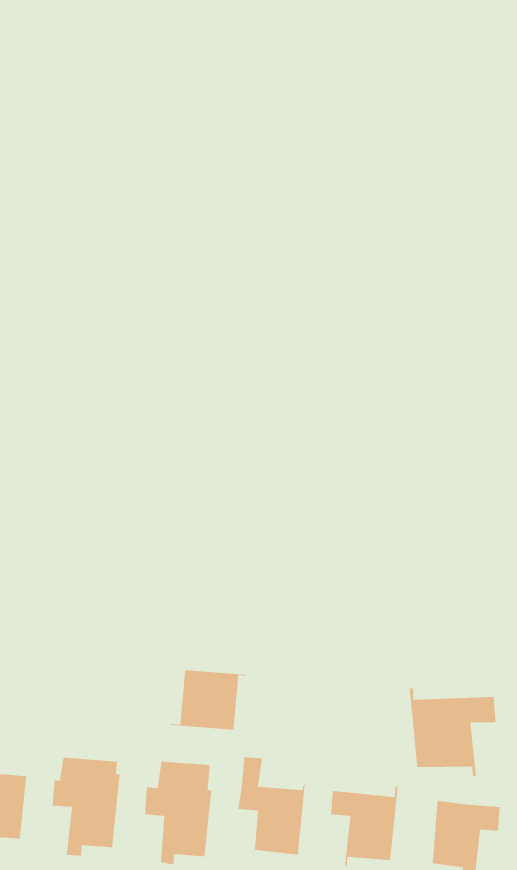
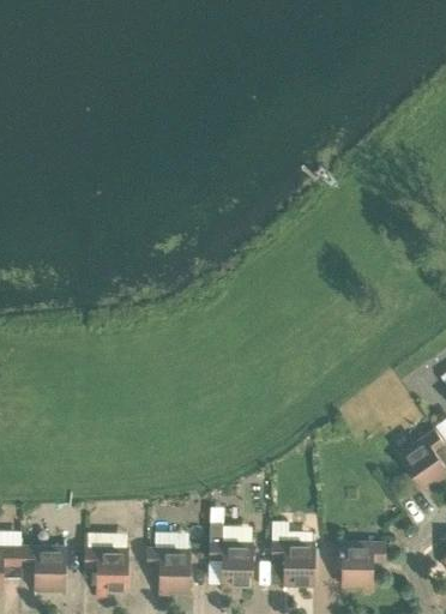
building: [170,669,247,730] -> none
building: [409,688,496,777] -> none

